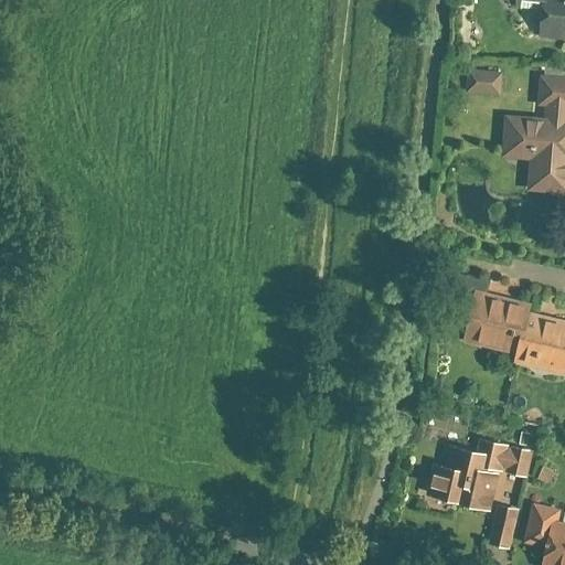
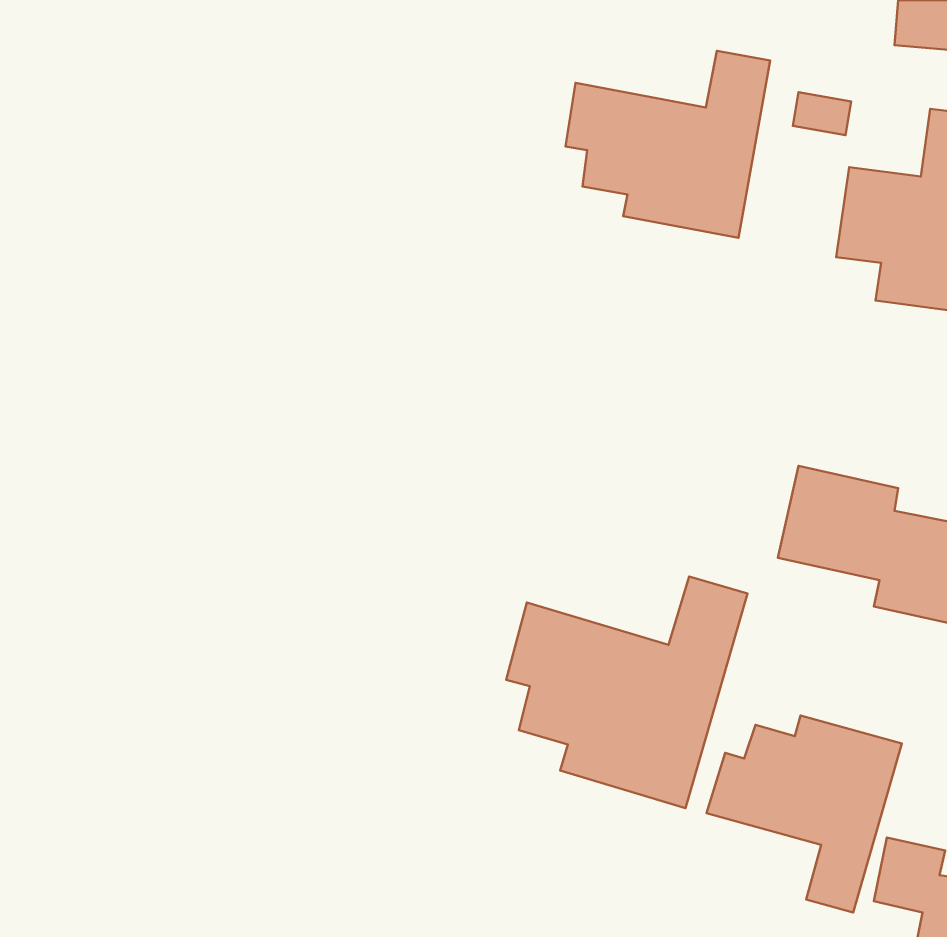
building: none -> [566,51,770,238]
building: none -> [506,576,747,808]

